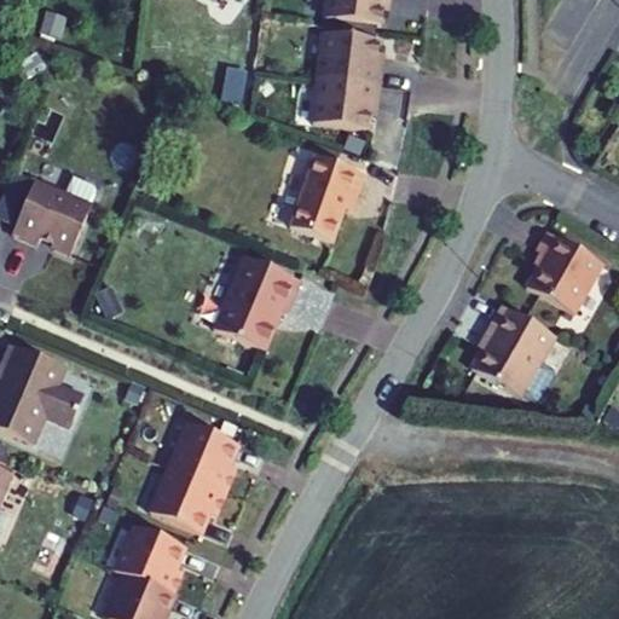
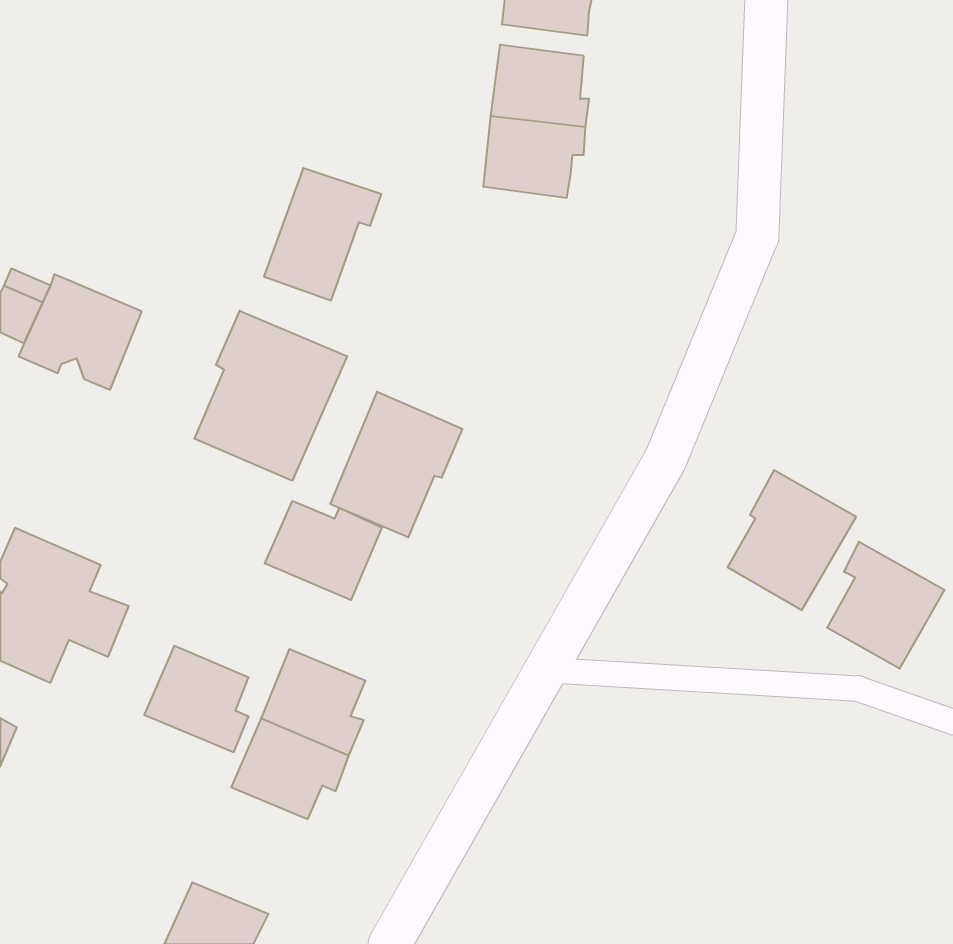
building: [289,154,365,239] -> [264,168,381,301]
building: none -> [194,311,347,481]
building: [526,231,602,313] -> [827,542,945,669]
building: none -> [265,501,382,600]
building: [116,523,184,592] -> [144,646,249,752]

